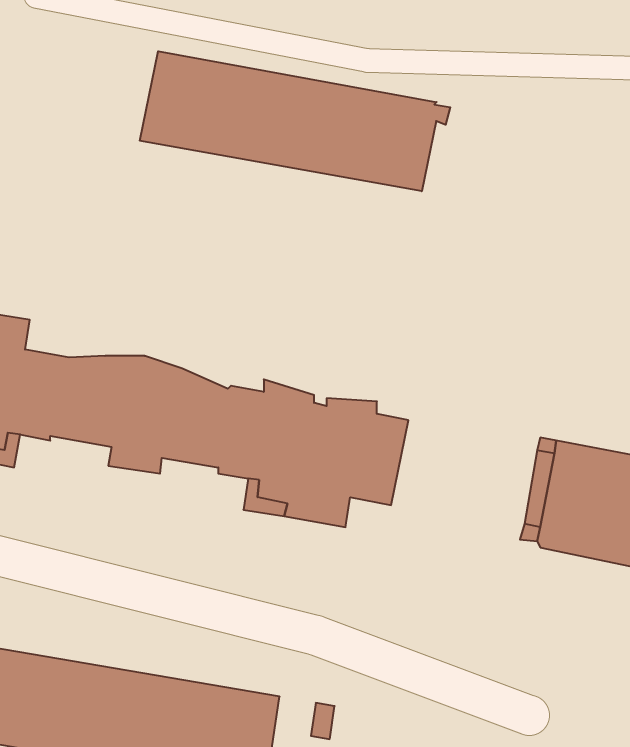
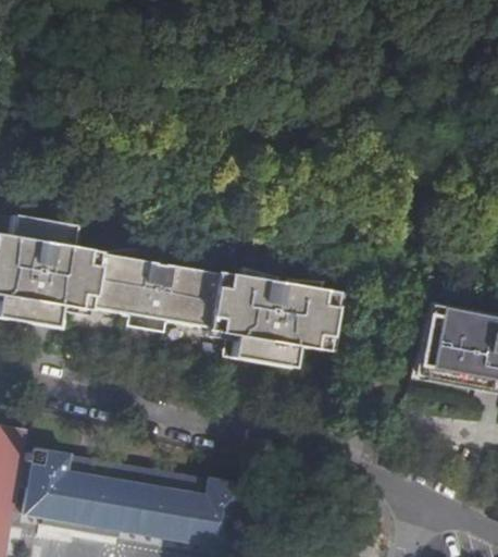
building: [140,51,450,191] -> none

